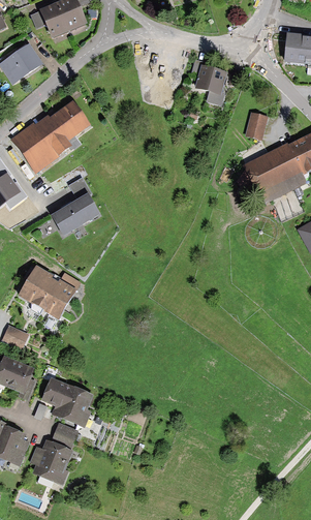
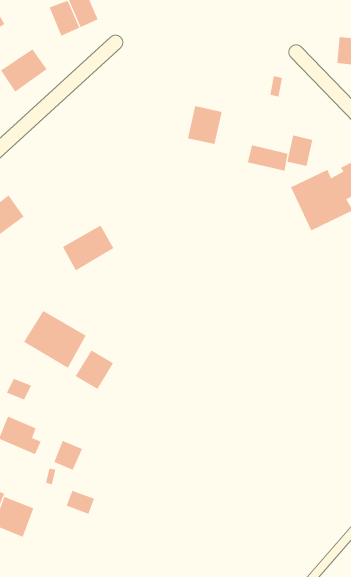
building: [196,62,226,95] -> [187,106,222,145]
building: [12,104,88,173] -> none
building: none -> [247,145,288,171]
building: none -> [75,349,114,390]
building: [60,387,92,421] -> none
building: [33,442,70,480] -> none

